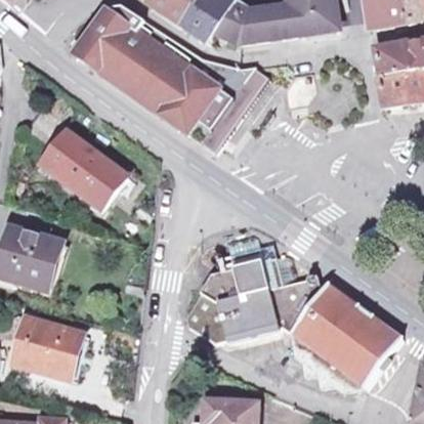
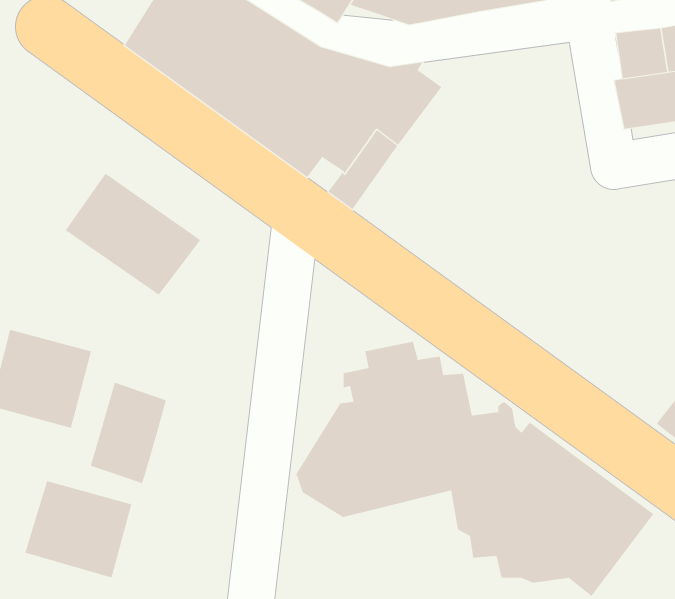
building: none -> [90,382,167,484]

